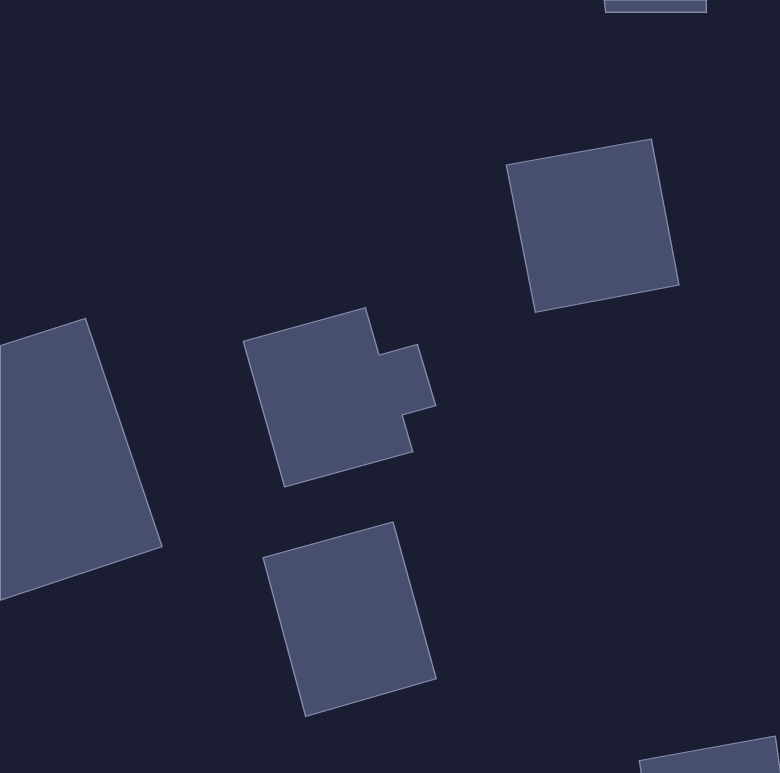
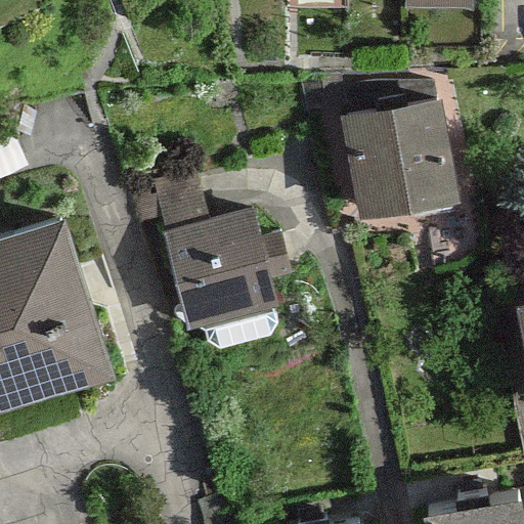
building: [263,522,436,717] -> none

